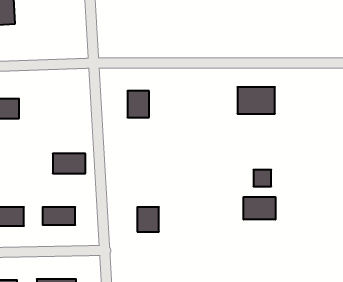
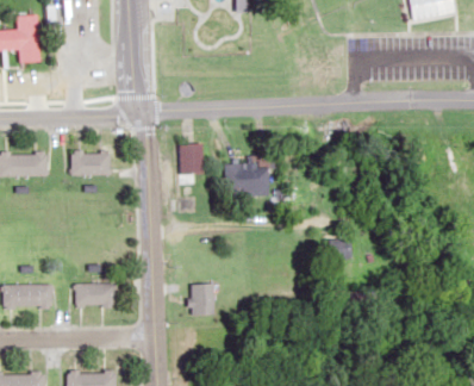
building: [237,87,275,114] -> [224,163,269,195]
building: [53,154,85,173] -> [70,151,110,175]
building: [244,197,275,220] -> none

